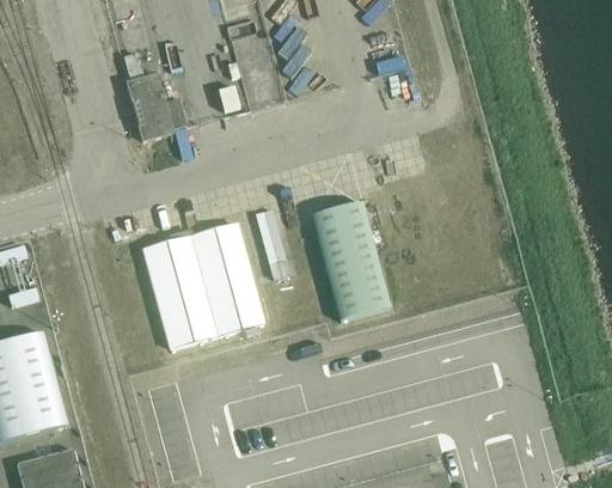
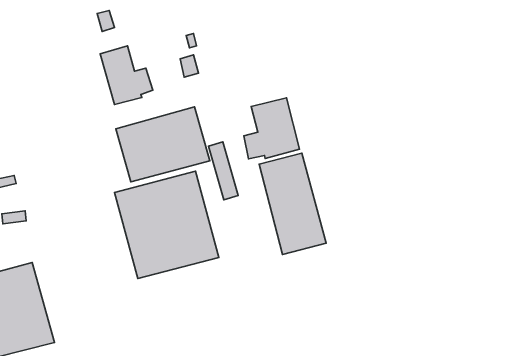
building: none -> [244,98,300,159]
building: none -> [116,107,210,182]

